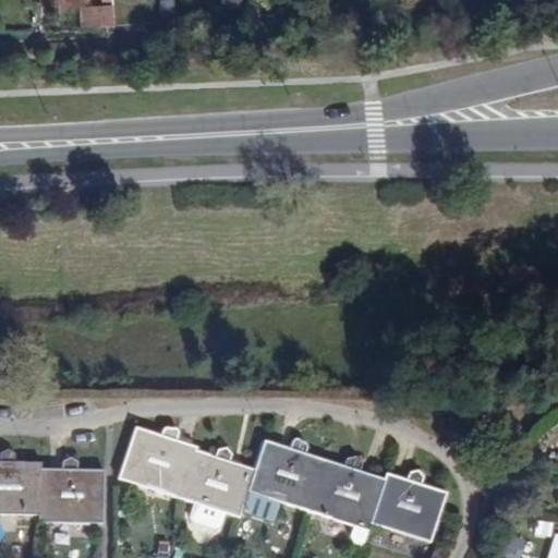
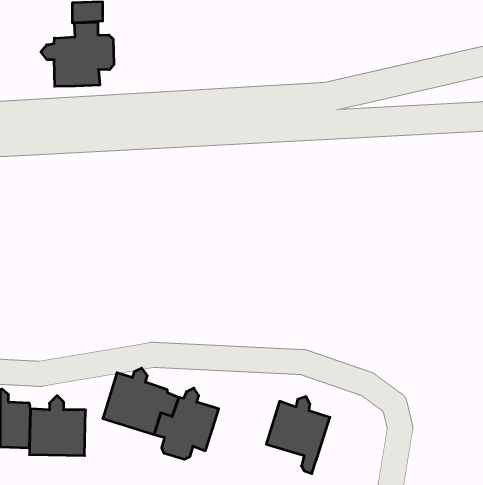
building: none -> [41,22,114,86]
building: [247,438,324,509] -> none
building: [367,464,445,543] -> none

